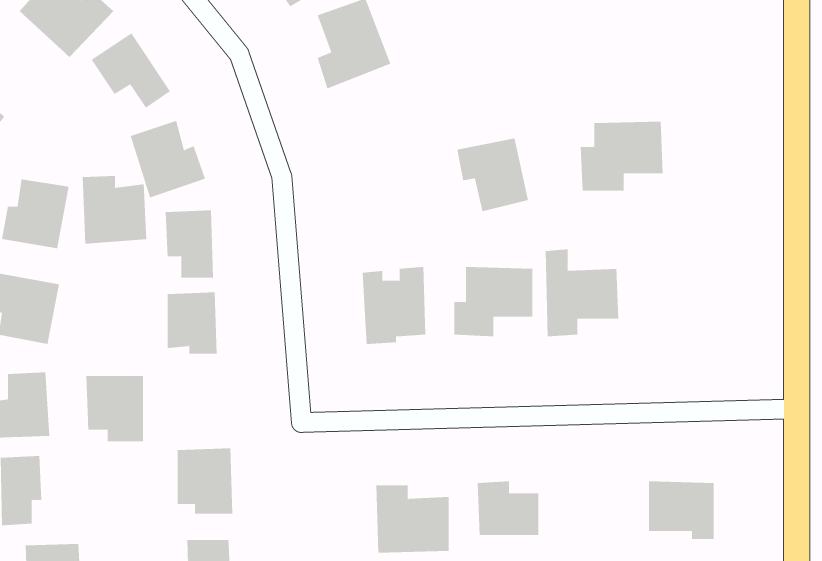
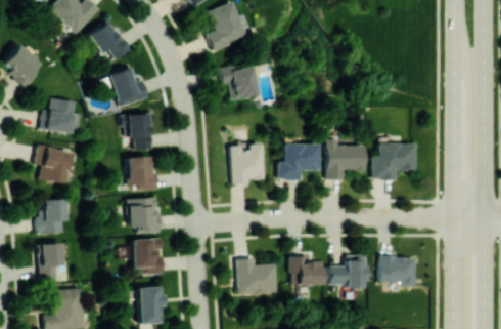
building: [580,121,664,191] -> [372,143,416,180]
building: [457,138,529,212] -> [219,63,257,101]
building: [82,175,147,244] -> none
building: [85,375,144,442] -> [128,198,158,233]
building: none -> [329,255,366,287]

